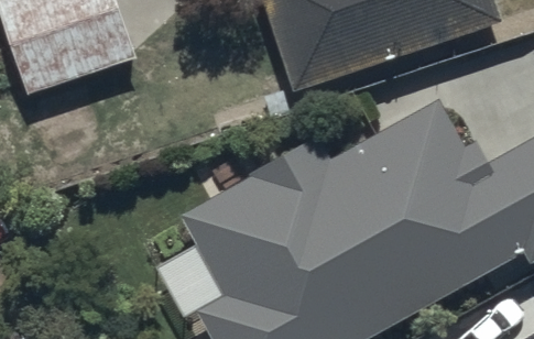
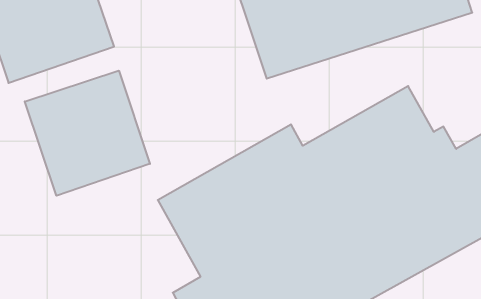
building: none -> [25,71,150,196]

